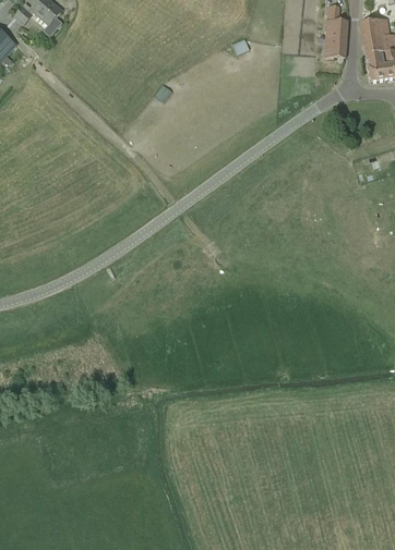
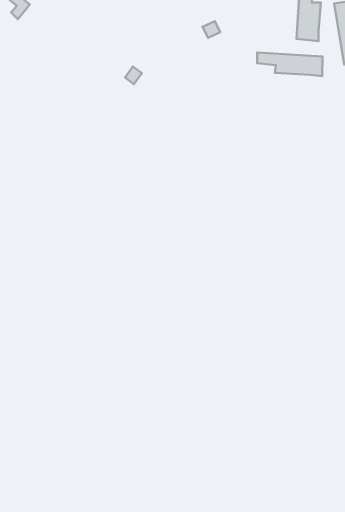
building: none -> [257,53,322,76]

